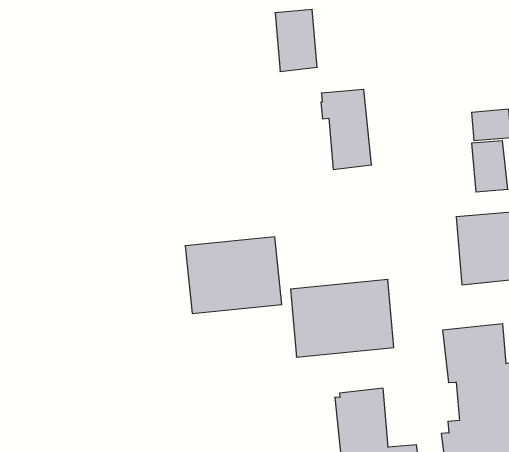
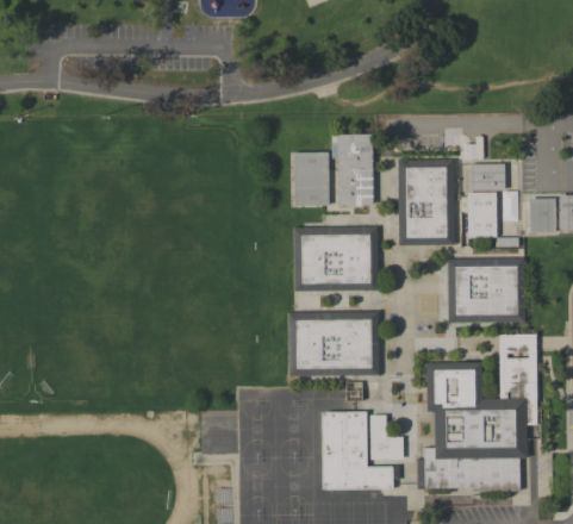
building: [275,10,317,72] -> [294,152,329,207]
building: none -> [397,161,454,245]
building: [185,237,282,314] -> [293,227,378,292]
building: none -> [369,414,403,458]

